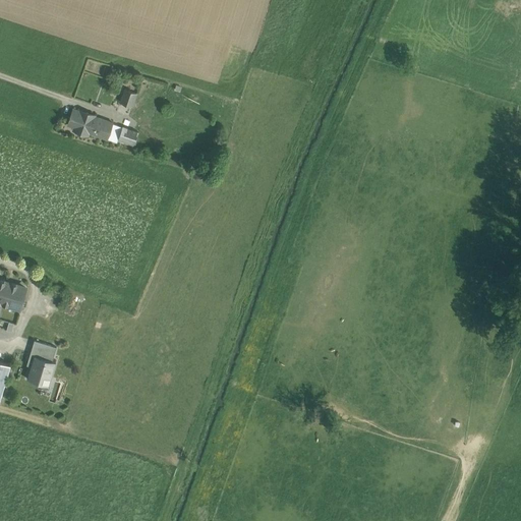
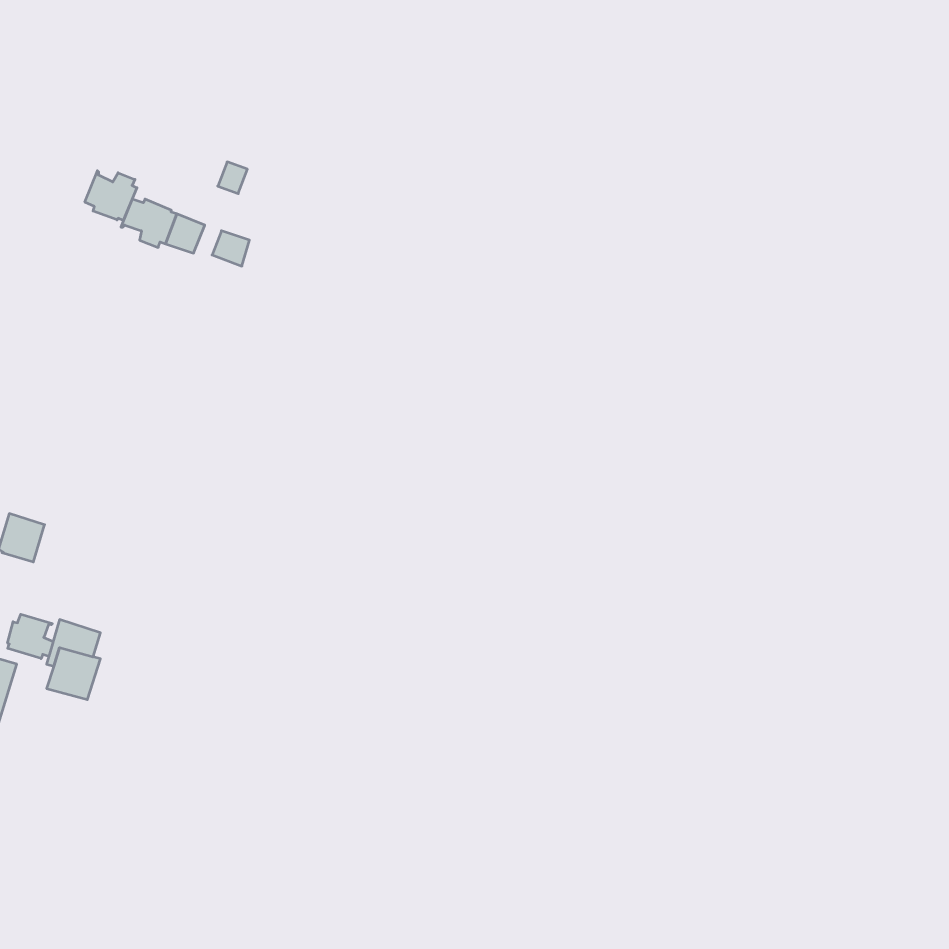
building: none -> [85,171,137,221]
building: none -> [8,614,53,659]

